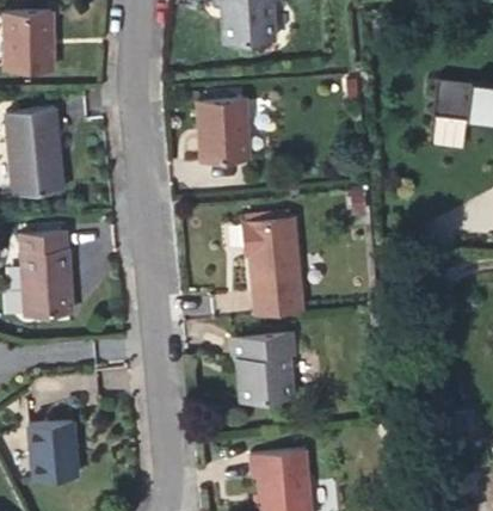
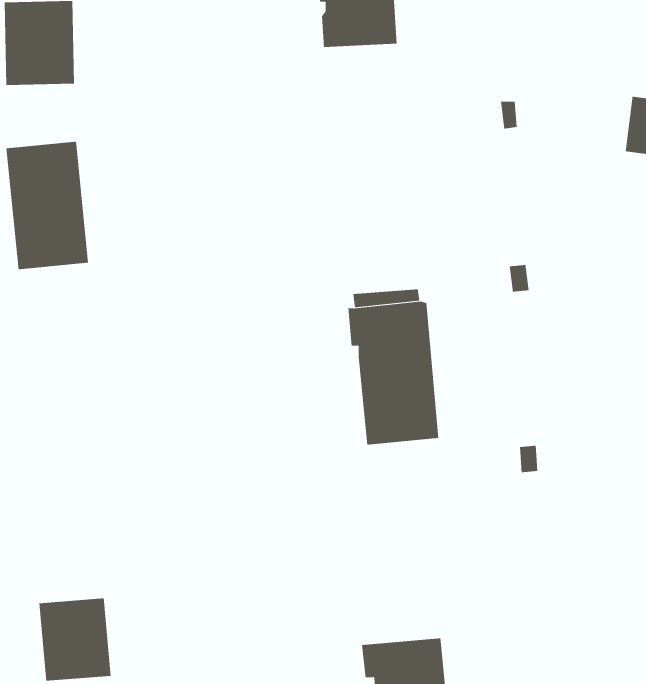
building: [198,100,249,162] -> none
building: [20,232,73,316] -> none
building: [233,333,295,402] -> none

